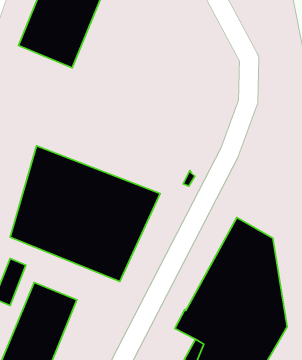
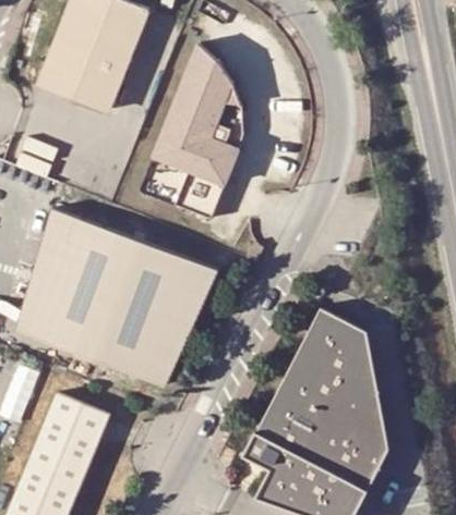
building: none -> [141,47,247,222]

